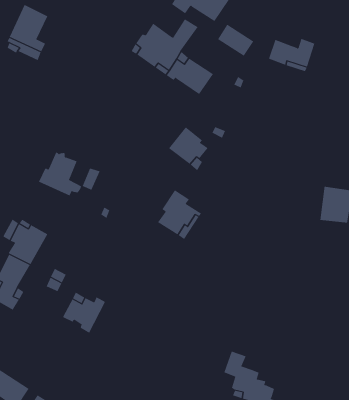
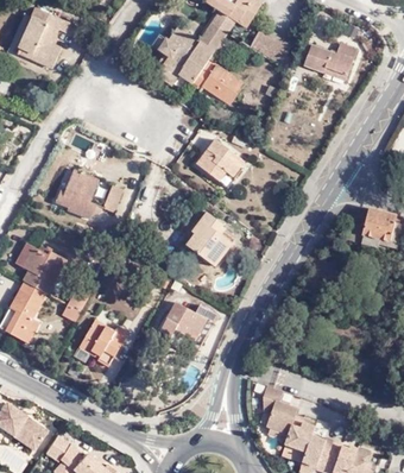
building: none -> [160,298,215,345]

